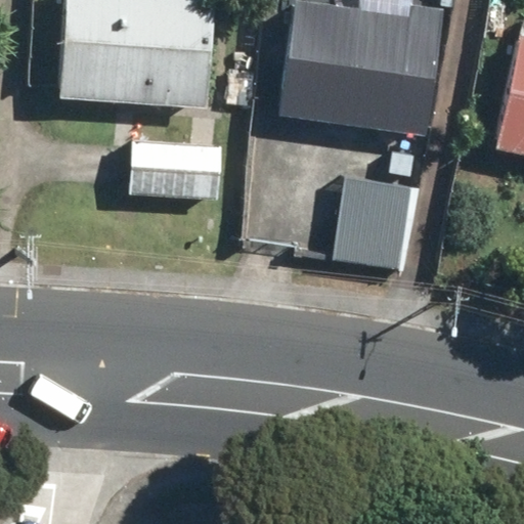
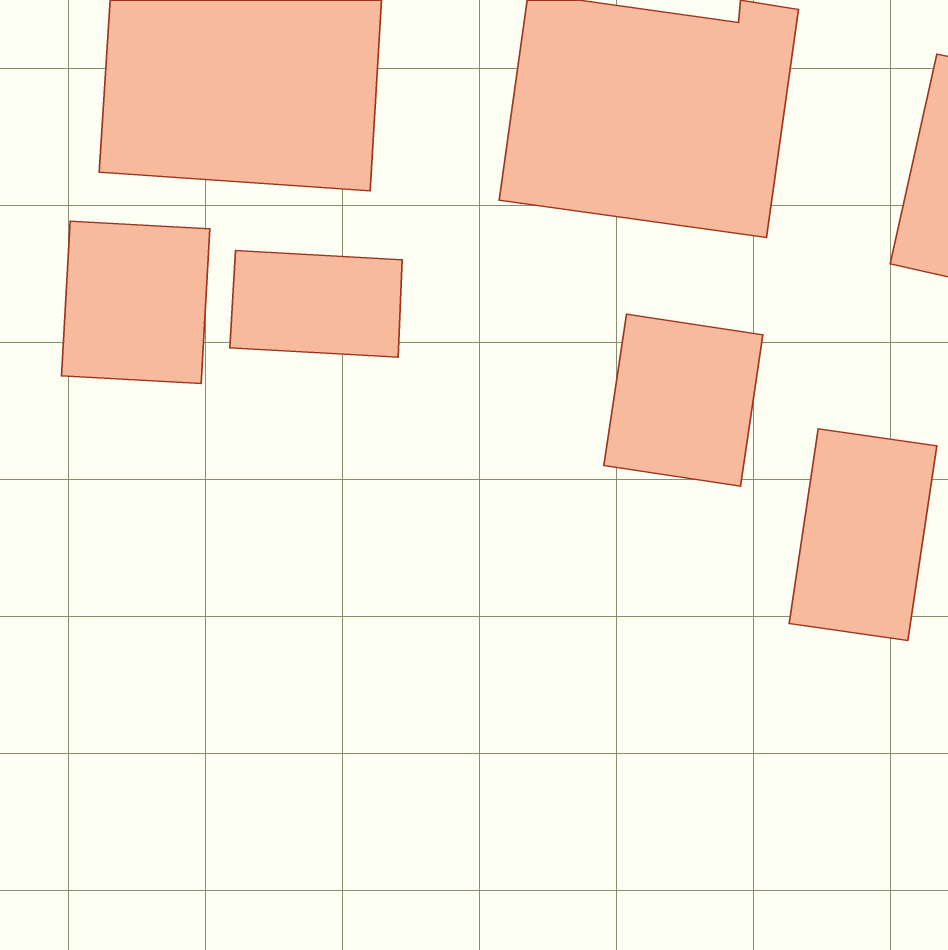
building: none -> [61,221,210,383]
building: none -> [789,429,937,641]

